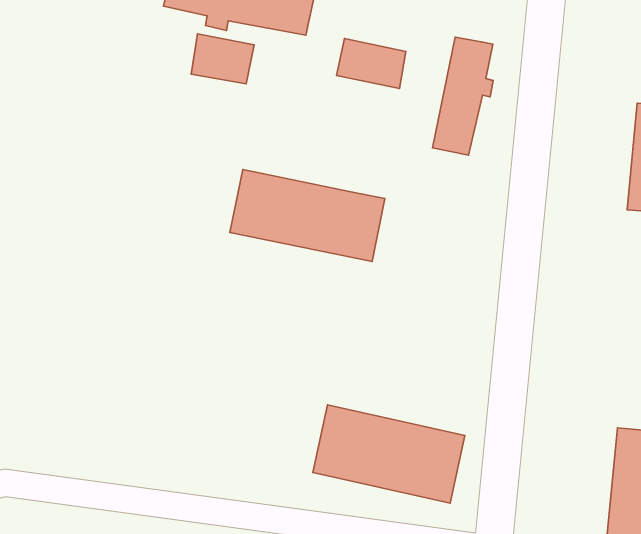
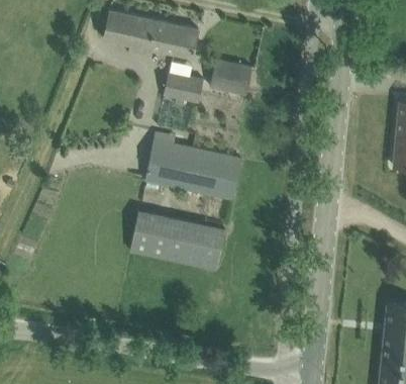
building: [191,34,254,84] -> [164,71,203,102]
building: [433,37,493,155] -> none
building: [313,405,465,503] -> [130,209,225,271]

